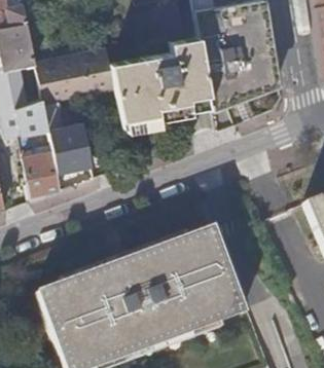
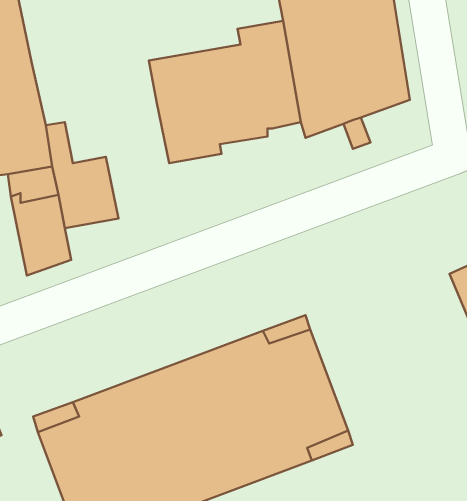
building: [34,48,115,103] -> none

